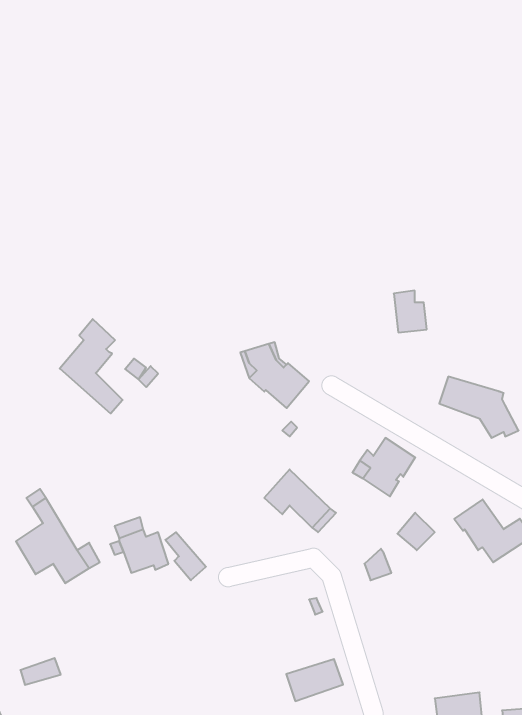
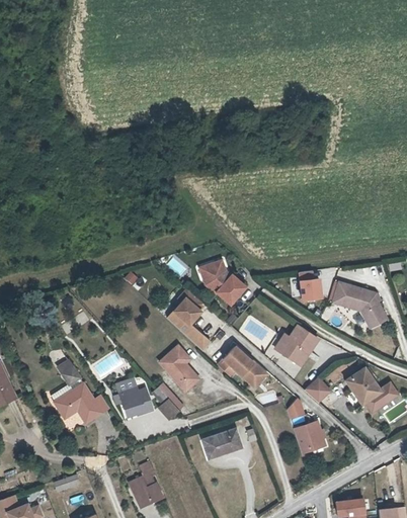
building: [394,291,427,332] -> [299,271,321,299]
building: [60,319,123,413] -> [169,287,212,351]
building: none -> [161,345,201,392]
building: none -> [293,422,326,454]
building: none -> [133,473,158,503]
building: [286,659,343,701] -> [202,430,241,458]

